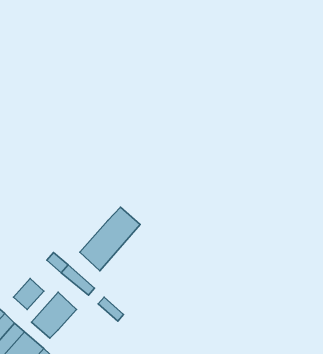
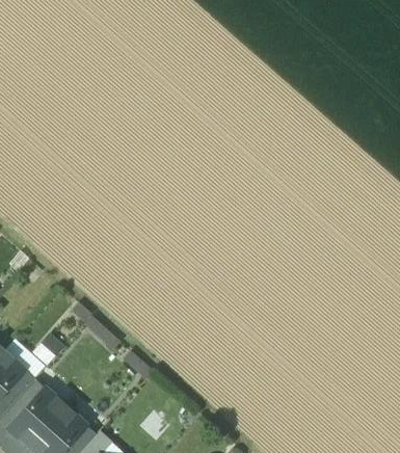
building: [80,207,140,271] -> none
building: [32,292,77,338] -> none

